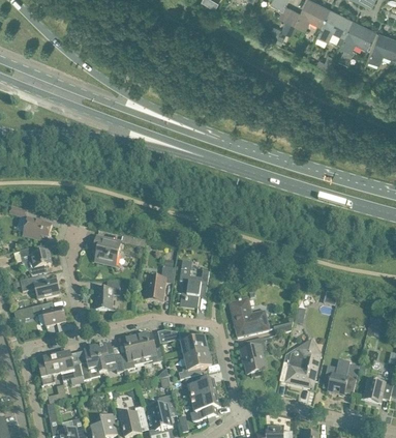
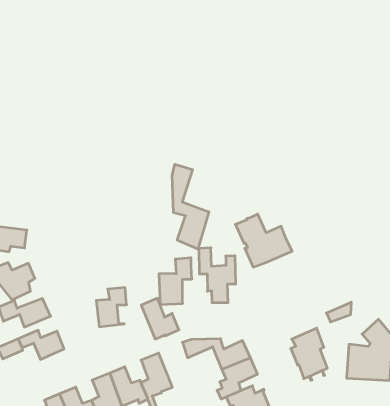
building: none -> [172,164,209,249]
building: [93,235,121,265] -> none
building: [229,296,269,337] -> [235,214,292,267]
building: [138,332,163,363] -> [141,298,179,339]

